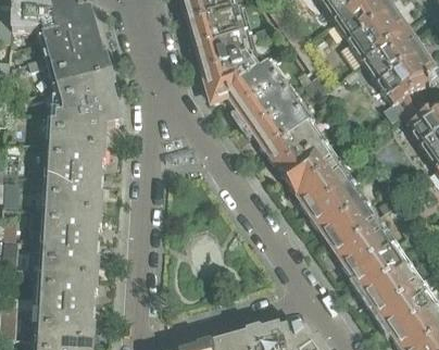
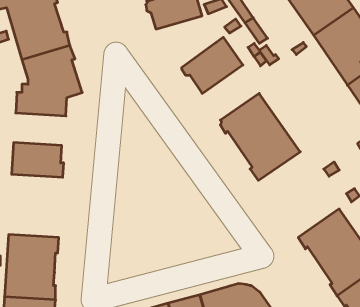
building: [199,39,263,100] -> none
building: [248,91,311,150] -> none
building: [48,142,103,177] -> none
building: [308,184,393,275] -> none
building: [42,208,100,275] -> none

